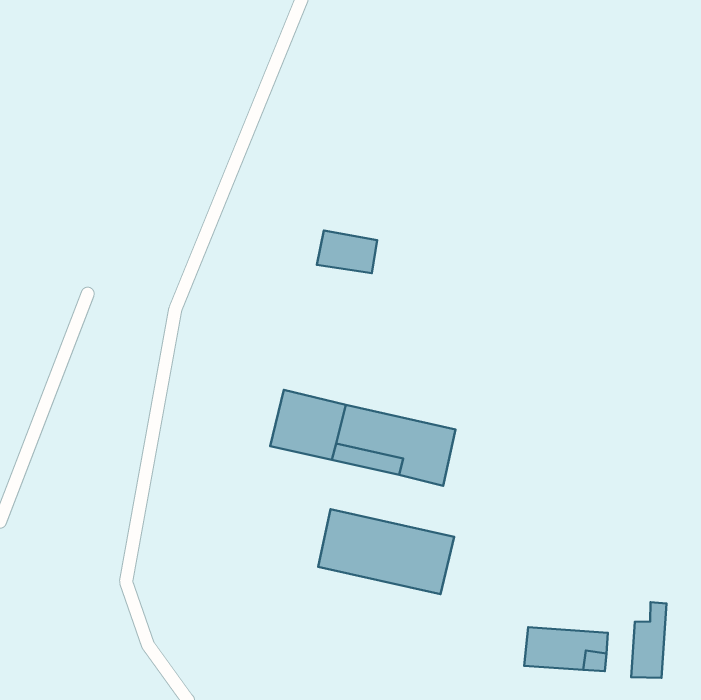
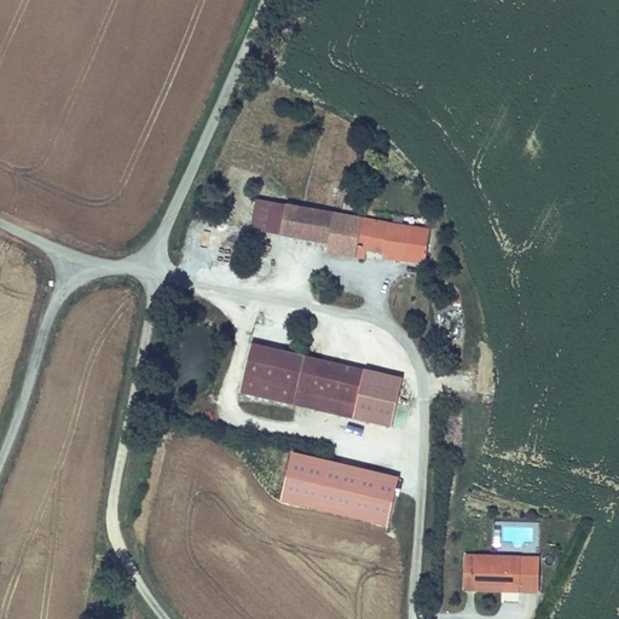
building: none -> [249,198,285,233]
building: none -> [325,212,428,262]
building: [631,602,667,678] -> none

